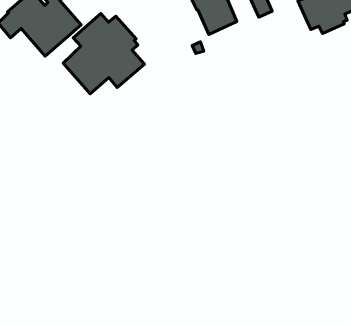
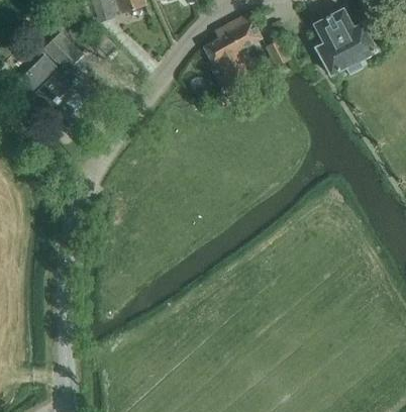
building: [63,14,145,94] -> none

